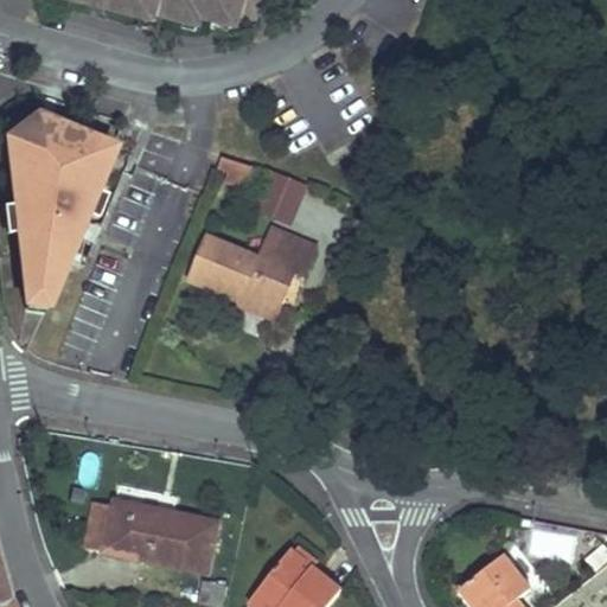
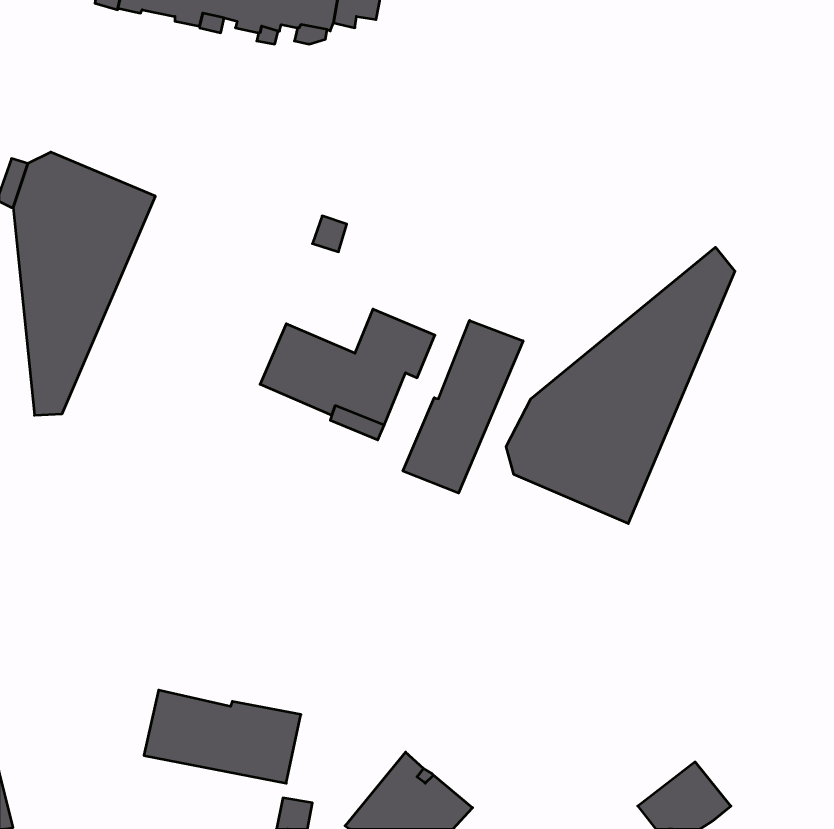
building: [257,170,305,221] -> none
building: none -> [506,247,735,524]
building: none -> [403,320,523,493]

